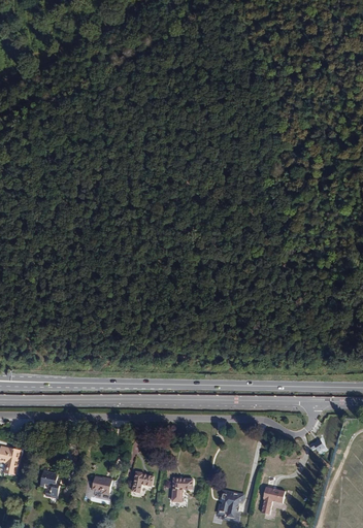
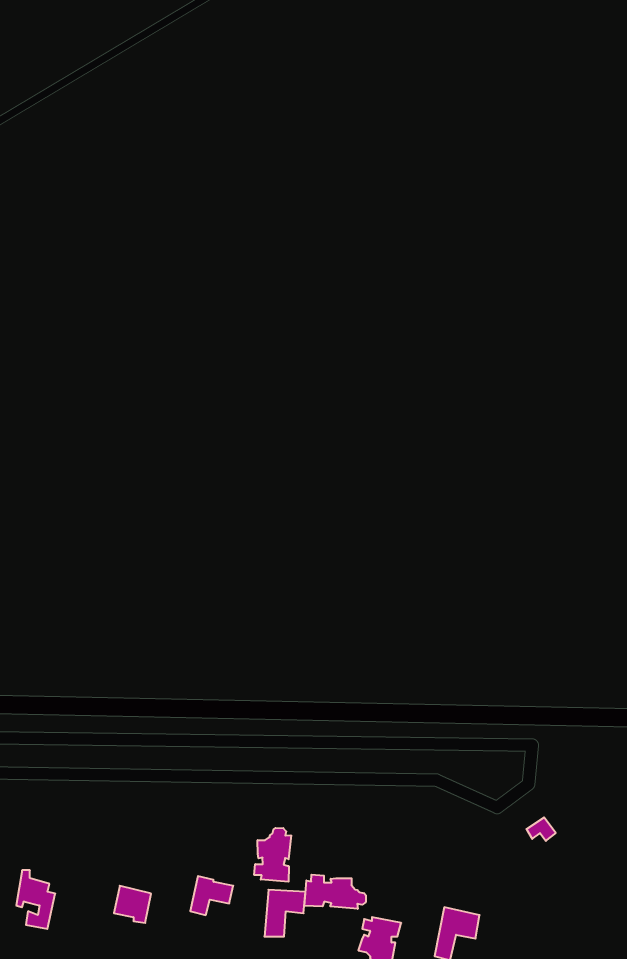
building: none -> [254,828,291,882]
building: none -> [304,875,366,909]

